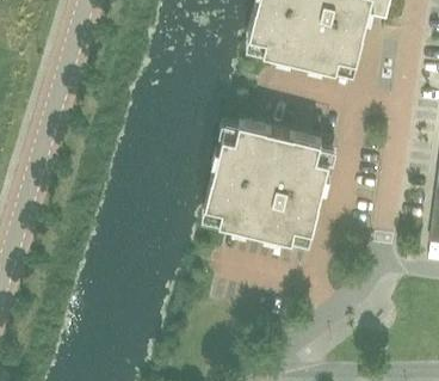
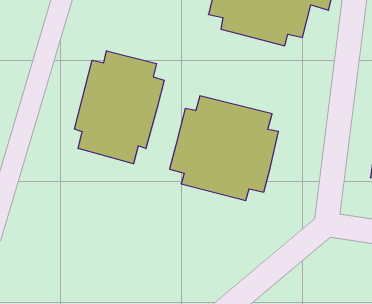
building: none -> [75,51,164,164]

